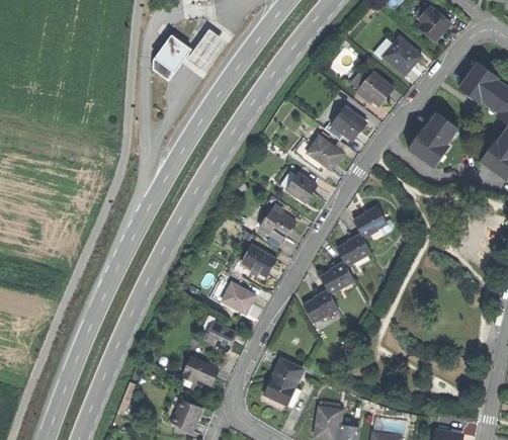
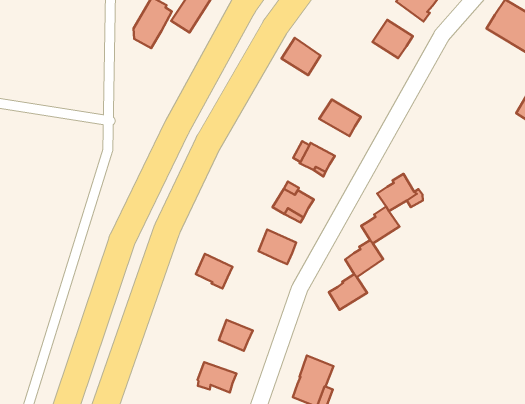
building: [330,106,364,140] -> [281,38,321,75]
building: [408,112,458,166] -> none
building: [223,282,255,314] -> [196,254,232,288]

